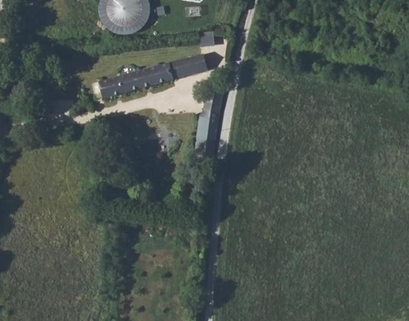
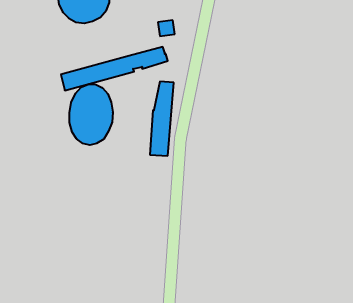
building: none -> [69,84,113,145]

